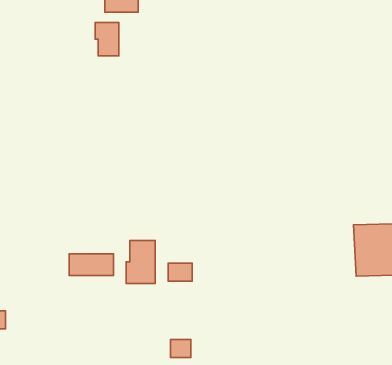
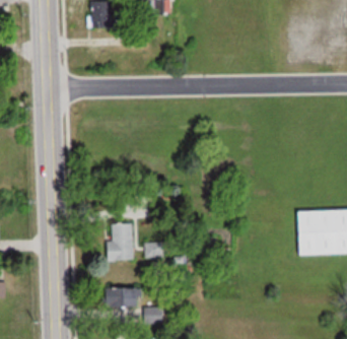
building: [95,23,119,56] -> none
building: [69,254,113,275] -> [103,288,141,307]

